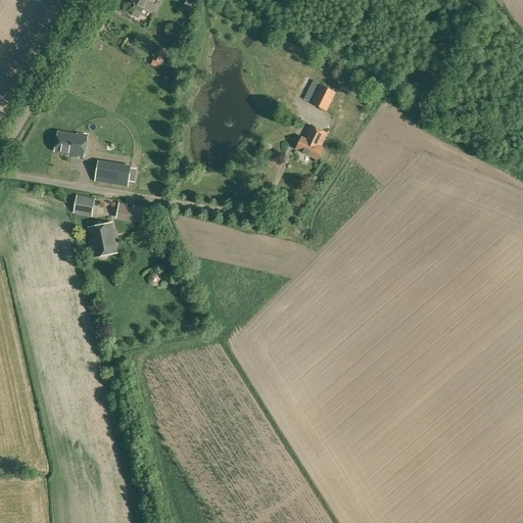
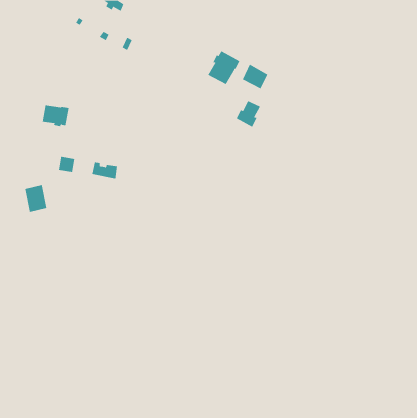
building: none -> [207,51,240,85]
building: [95,160,130,186] -> none
building: [89,222,117,256] -> [24,185,47,212]

